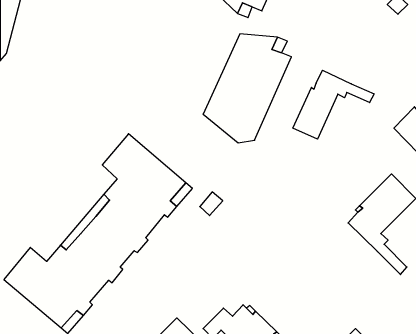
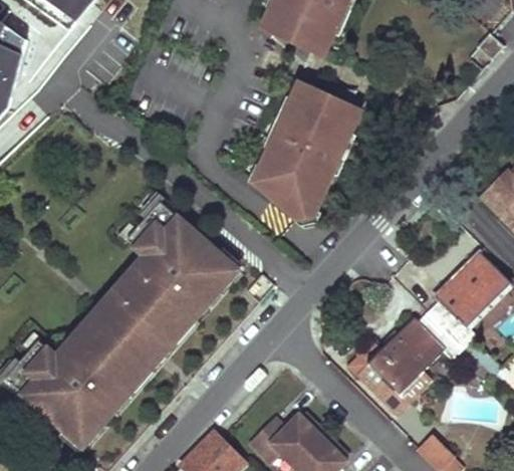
building: [293,70,374,139] -> none
building: none -> [348,313,463,414]

